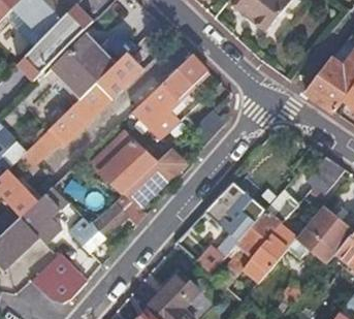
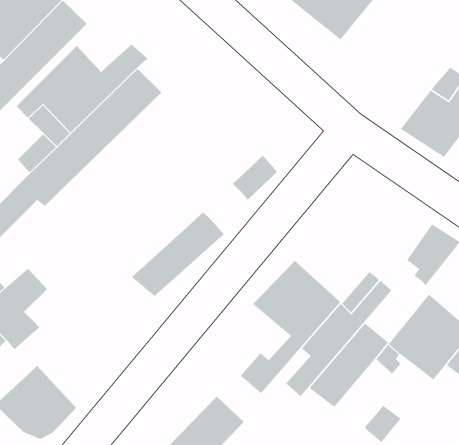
building: [132,54,210,138] -> none
building: [93,131,157,193] -> none
building: [67,196,146,252] -> none

